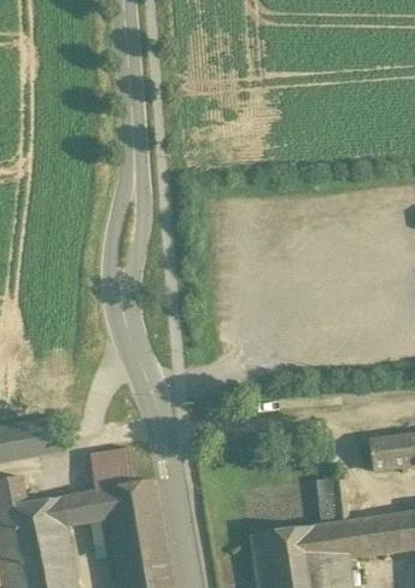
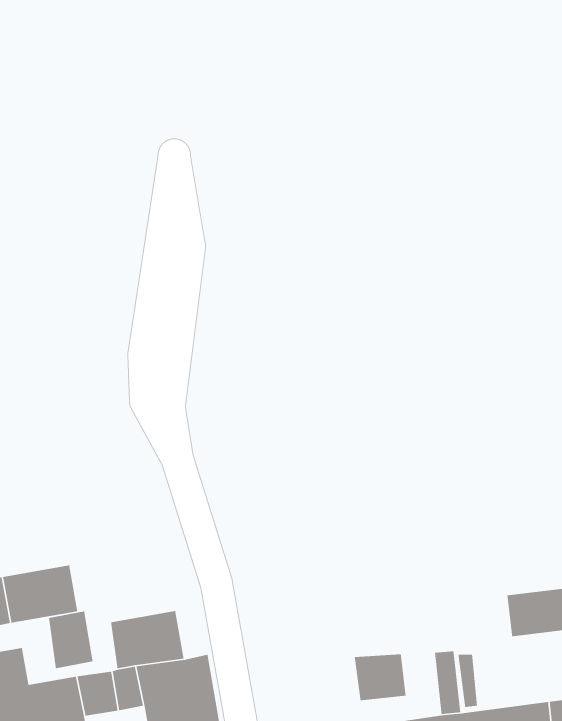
building: none -> [48,611,94,669]
building: none -> [354,653,407,701]

